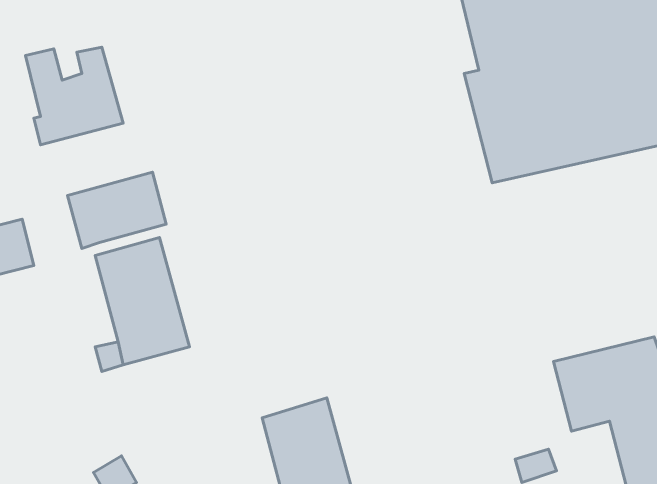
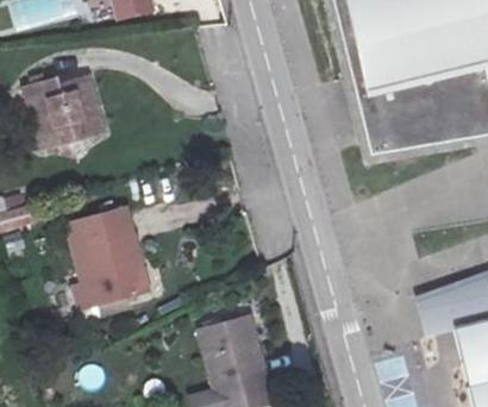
building: [68,172,166,249] -> none

